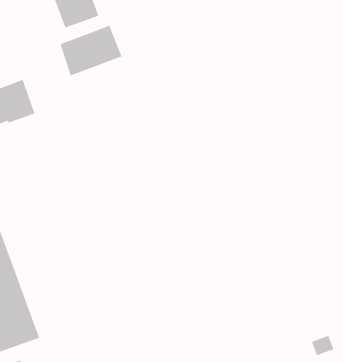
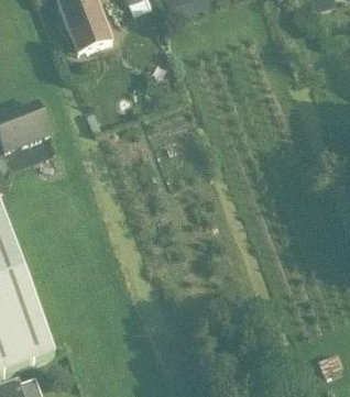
building: [60,25,123,76] -> none

